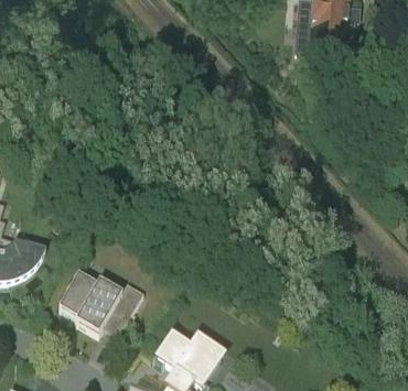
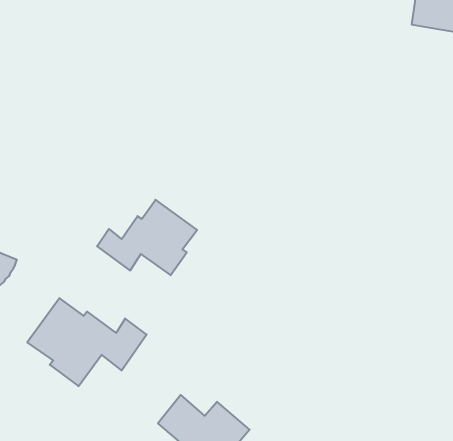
building: none -> [97,200,197,275]

